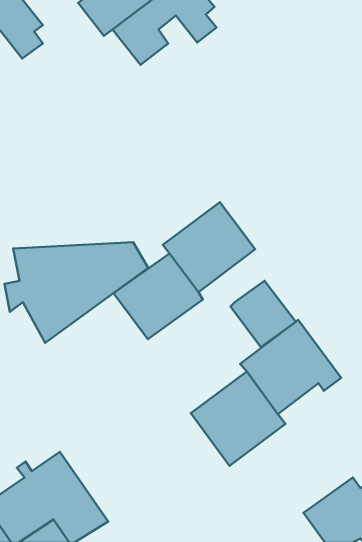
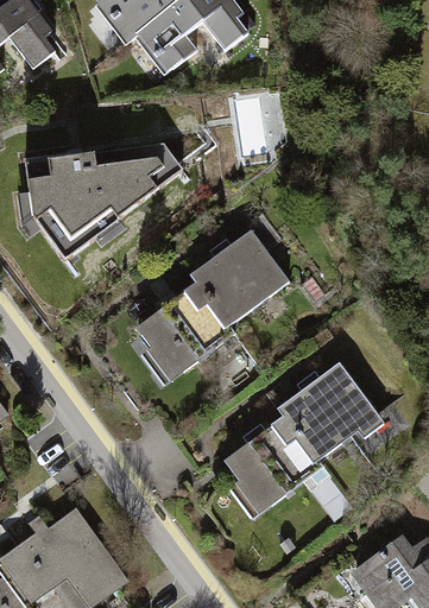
building: [4,242,148,343] -> [21,151,181,262]
building: [230,281,296,347] -> none

